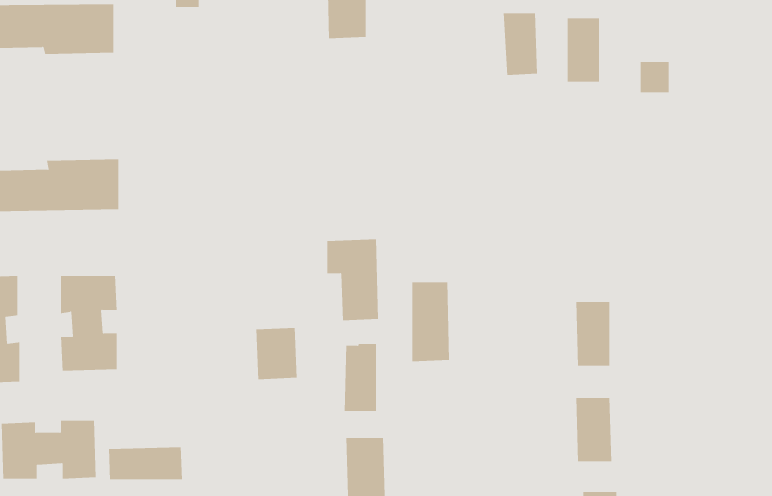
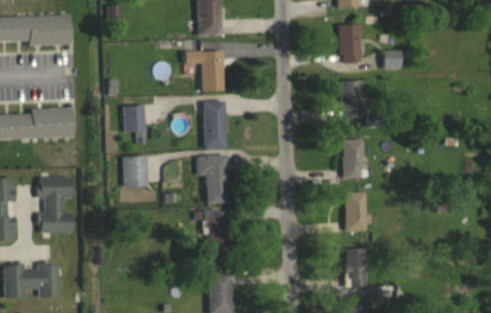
building: [503,13,538,76] -> [341,81,362,118]
building: none -> [185,51,223,91]
building: none -> [124,105,145,131]
building: none -> [342,139,363,178]
building: [412,282,450,362] -> [204,101,226,149]
building: [256,327,297,380] -> [123,155,148,186]
building: [109,446,182,480] -> none

